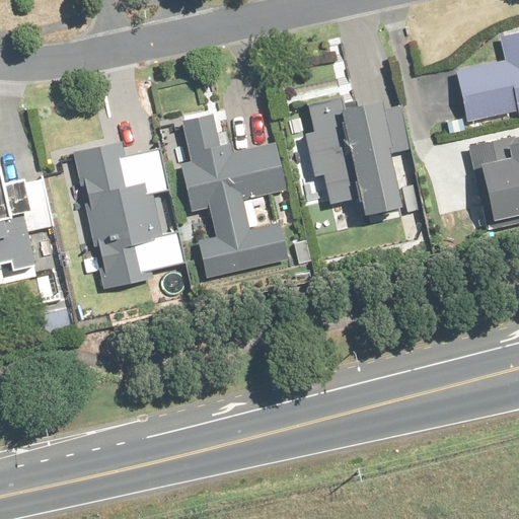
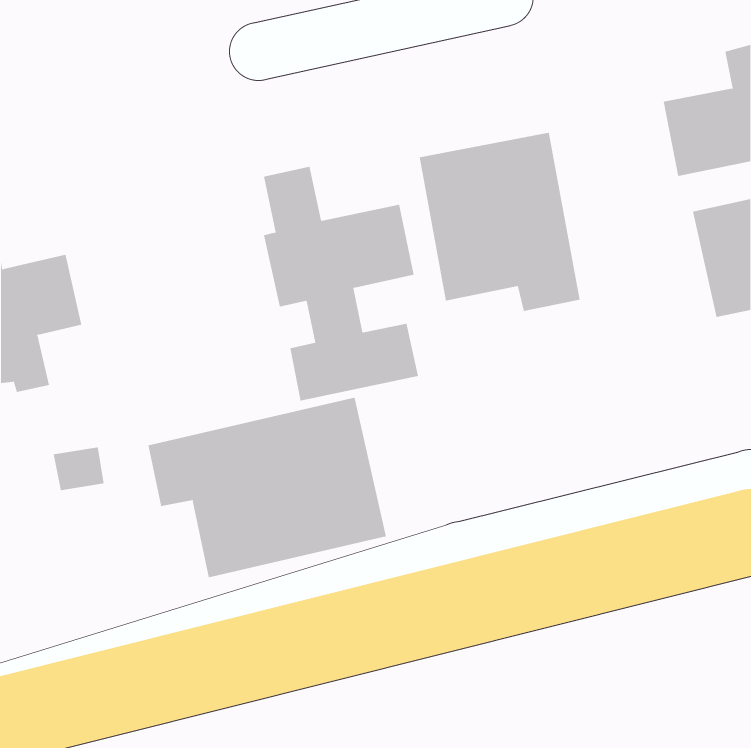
building: [75,144,182,288] -> none
building: none -> [148,397,386,578]

